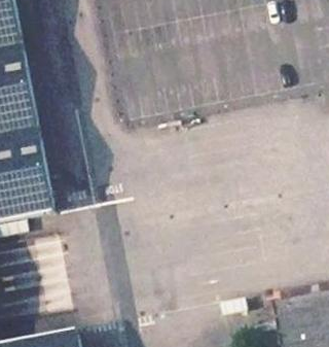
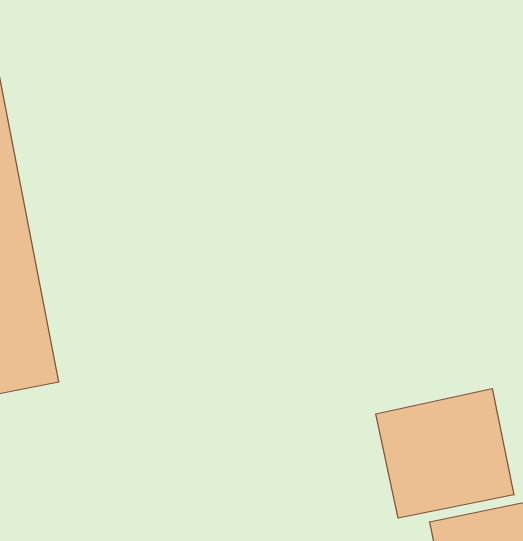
building: none -> [376,389,514,518]

